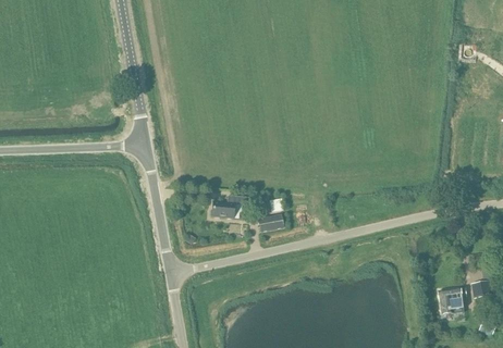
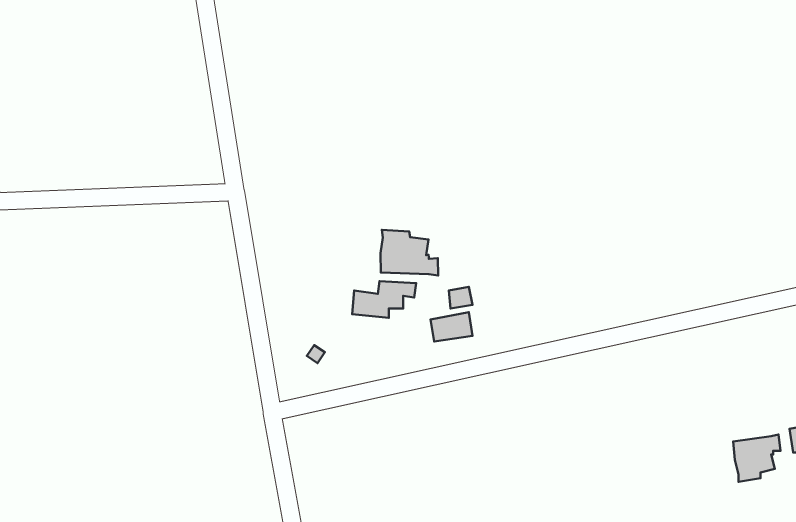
building: none -> [380,230,438,275]

